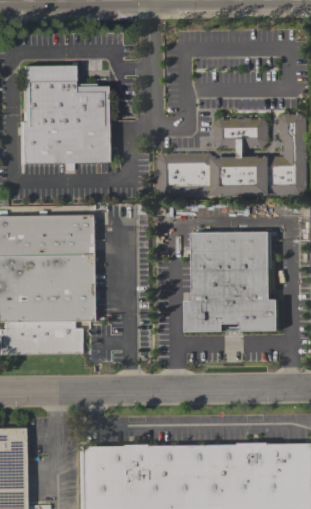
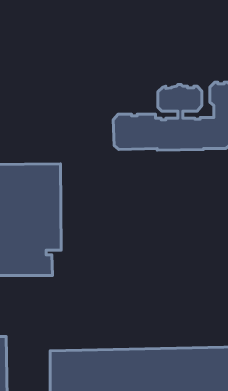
building: [20,63,106,170] -> none
building: [186,232,279,332] -> none

